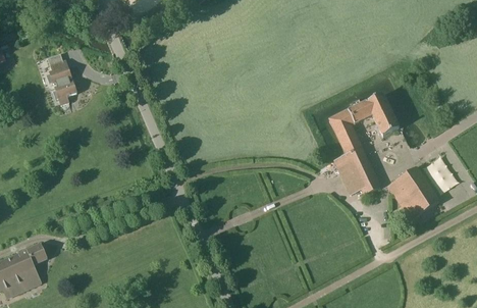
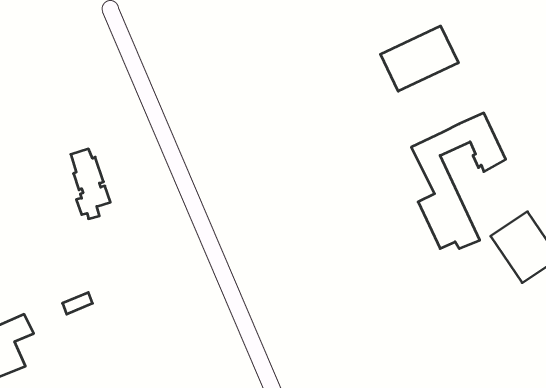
building: none -> [380,26,458,91]
building: [49,53,78,105] -> [71,149,110,219]

